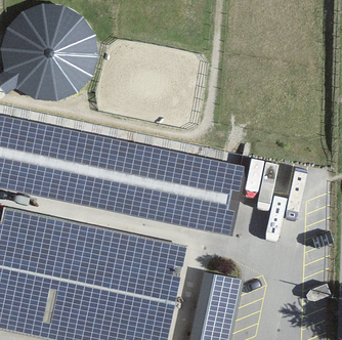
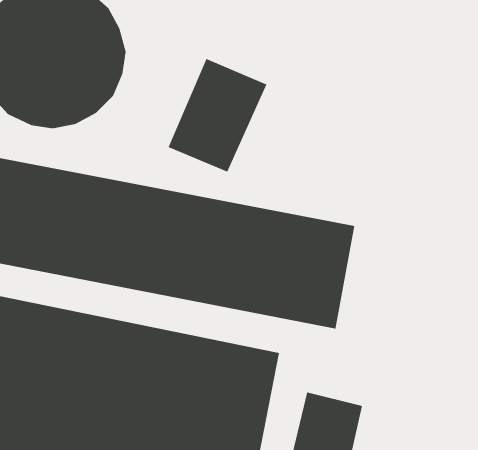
building: none -> [168,58,267,173]

